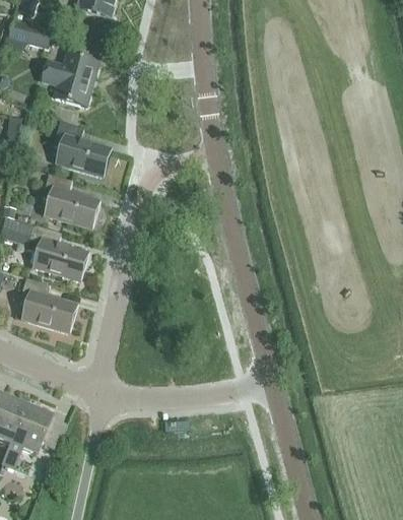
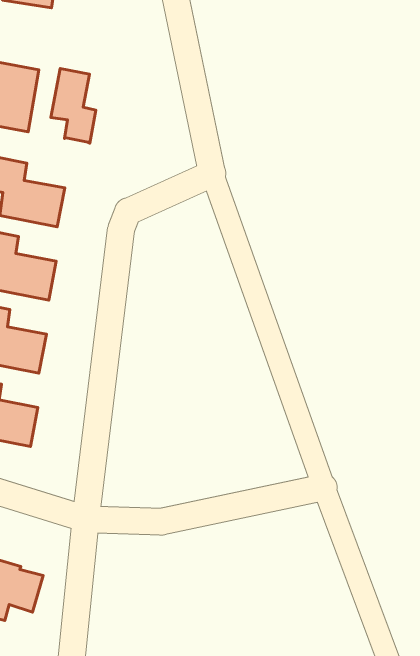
building: none -> [51,69,96,143]

